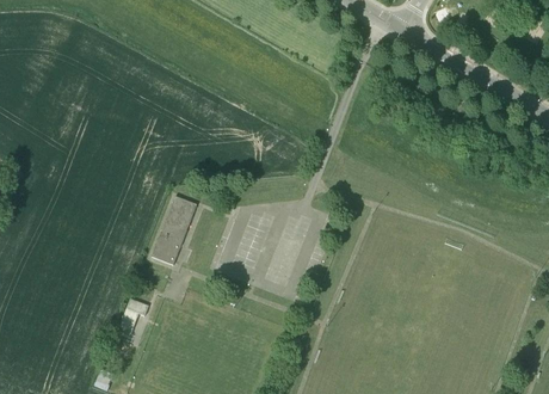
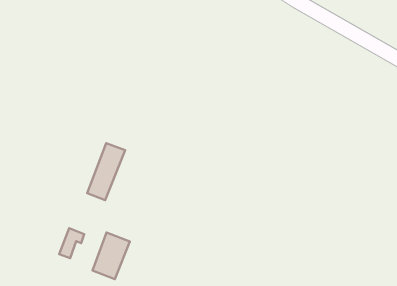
building: none -> [93,232,130,279]

